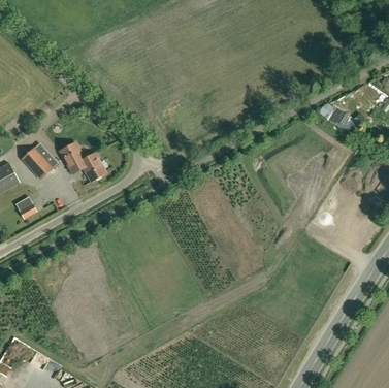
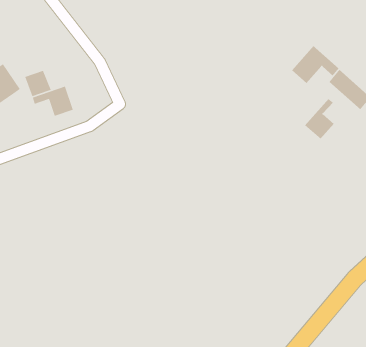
building: none -> [291,45,340,84]
building: none -> [304,98,334,140]

